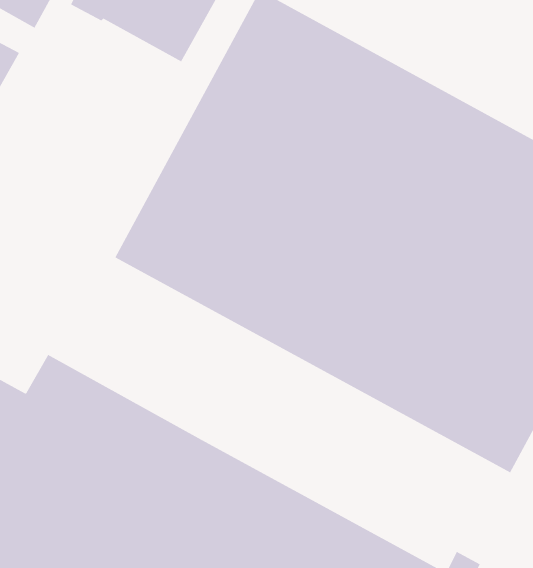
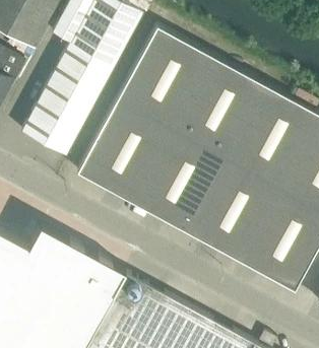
building: none -> [21,43,113,156]

